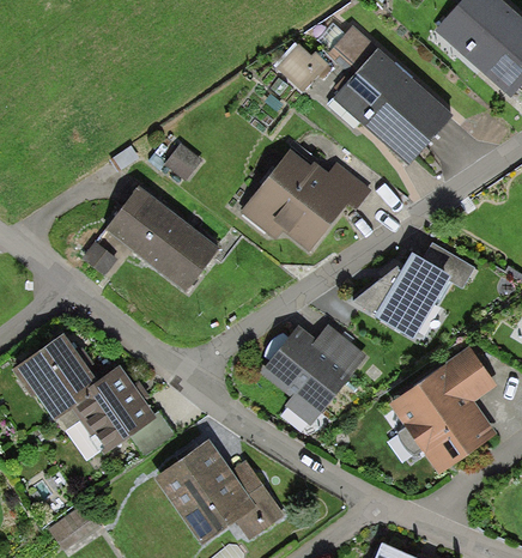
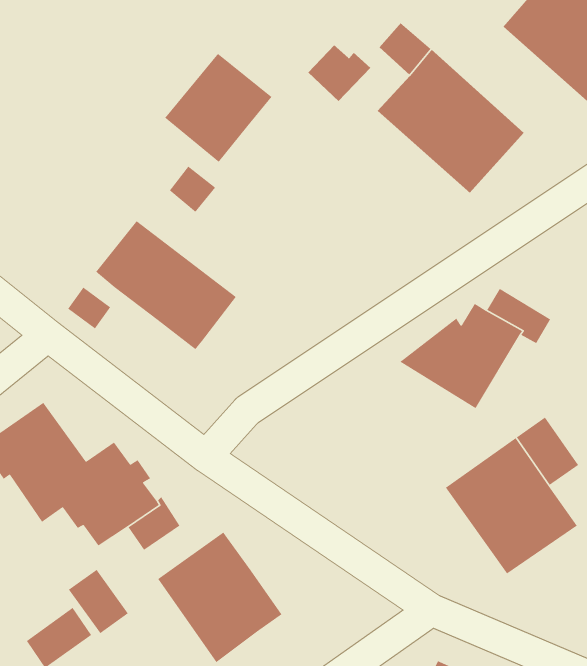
building: none -> [164,53,272,163]
building: [239,148,371,251] -> none
building: [260,323,366,424] -> none
building: [231,459,285,539] -> none
building: none -> [68,569,129,634]

